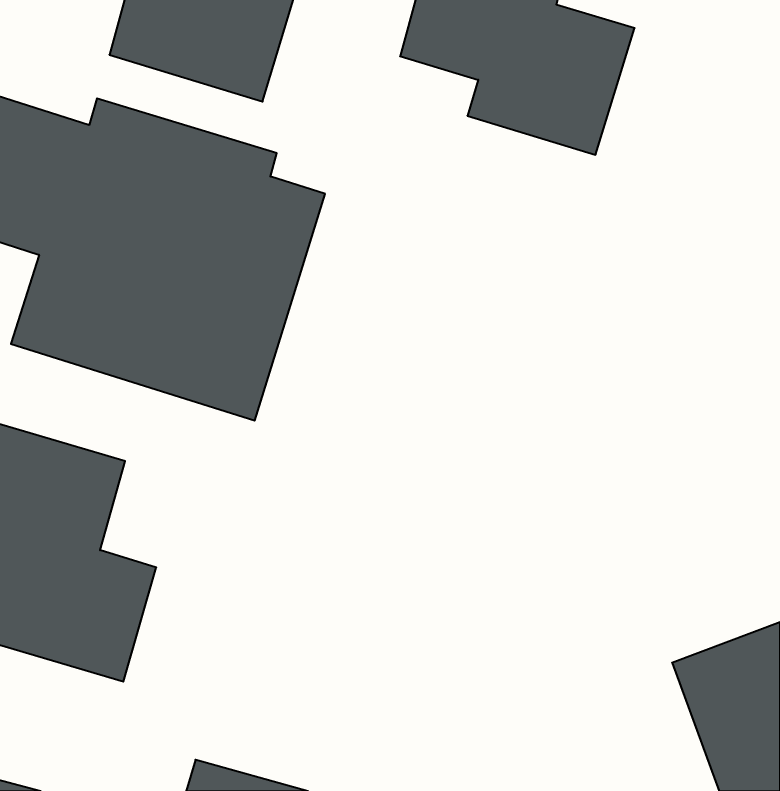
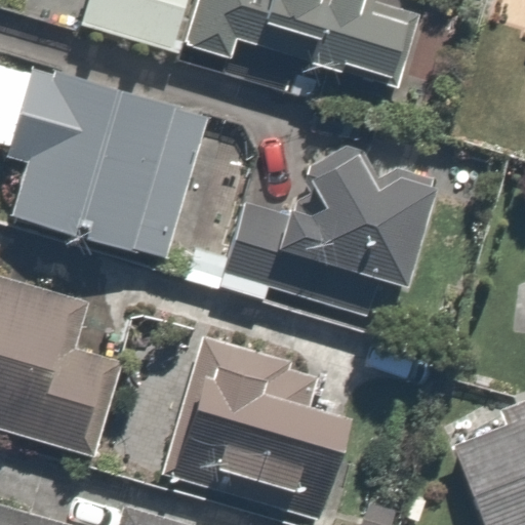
building: none -> [280,148,445,299]
building: none -> [168,337,358,502]

